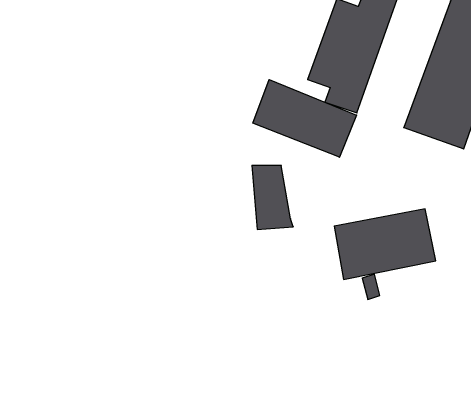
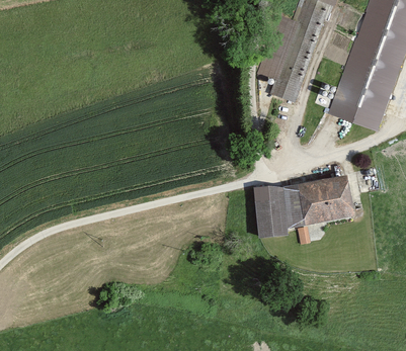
building: [253,80,357,157] -> none
building: [252,165,293,229] -> [255,188,287,237]

